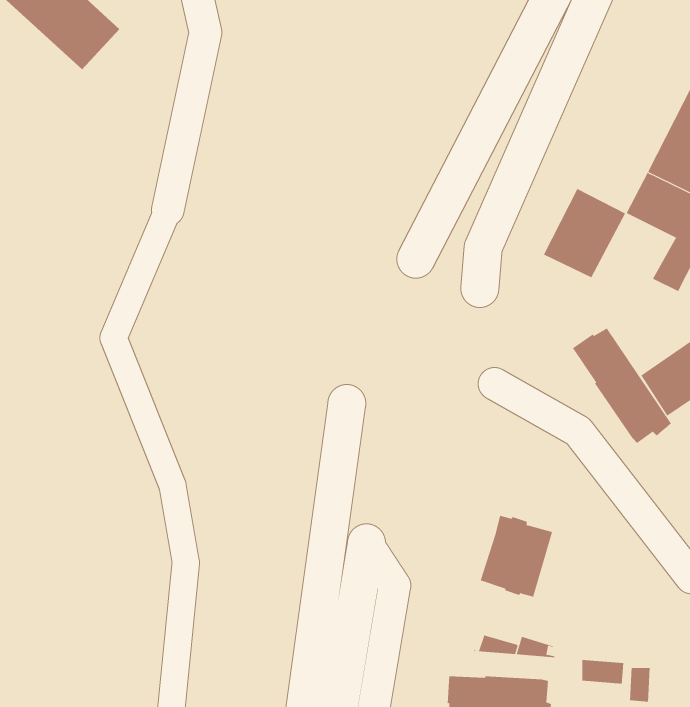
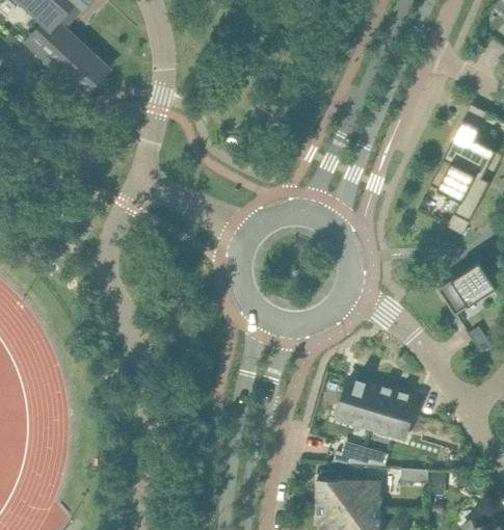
building: [543,188,626,278] -> none
building: [572,328,672,444] -> none
building: none -> [371,386,417,439]

